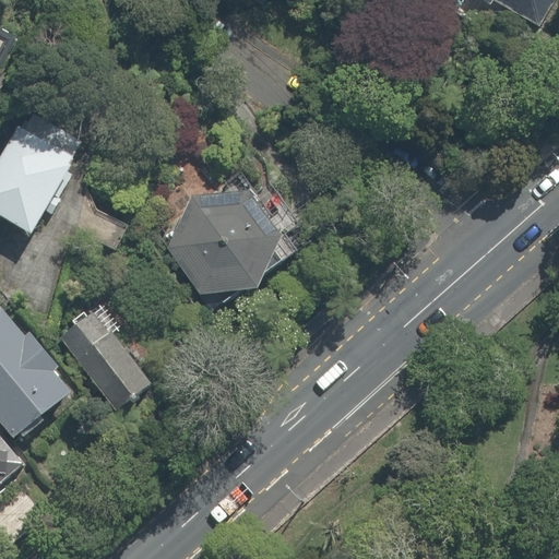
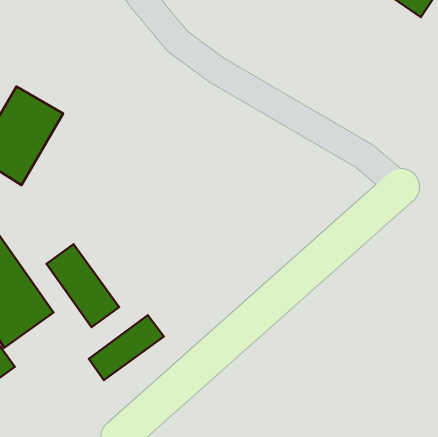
building: [171,189,287,292] -> none
building: none -> [89,315,164,380]

